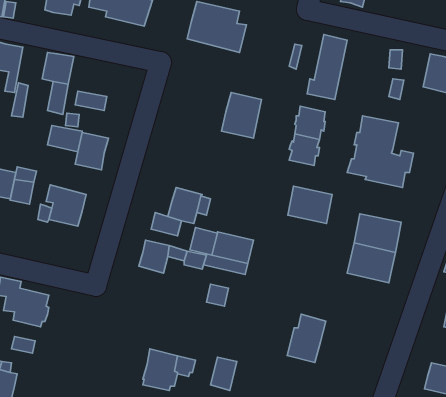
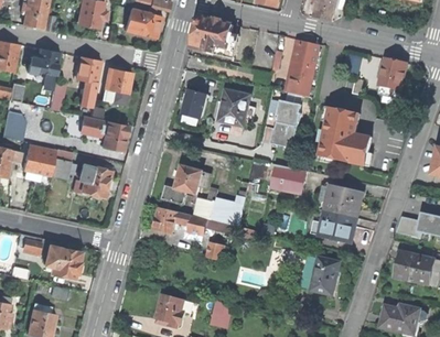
building: none -> [104,68,131,93]
building: none -> [181,89,207,119]
building: [287,314,326,362] -> [310,257,341,295]

